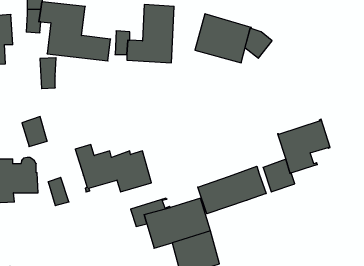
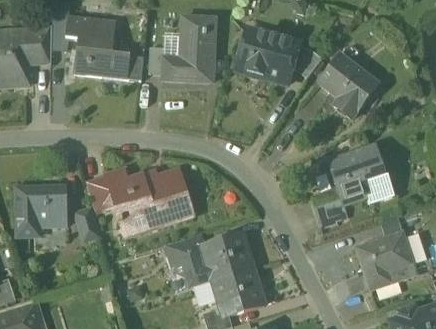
building: none -> [317,55,377,118]
building: [40,58,56,89] -> [34,28,52,62]
building: [22,117,47,147] -> [86,179,114,212]
building: none -> [364,174,394,201]
building: [198,166,266,214] -> none
building: none -> [357,232,416,287]

